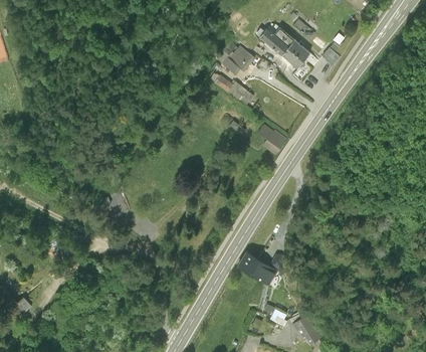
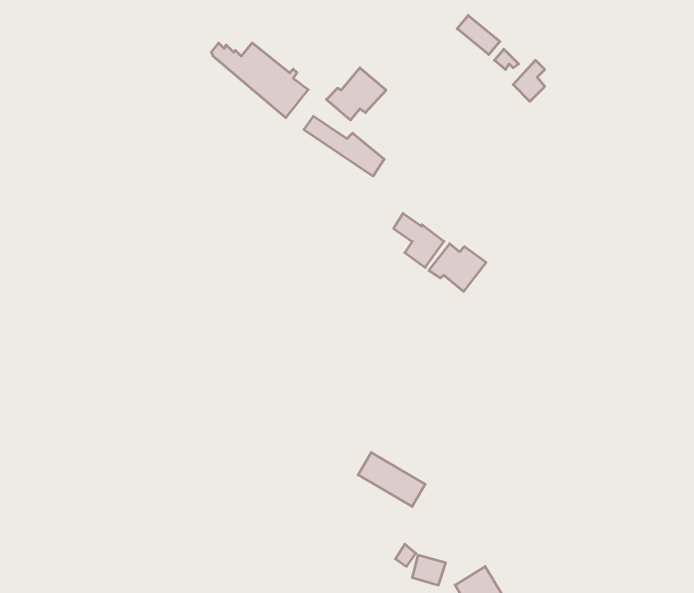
building: [256,27,308,67] -> [211,43,308,118]
building: none -> [429,244,486,291]

